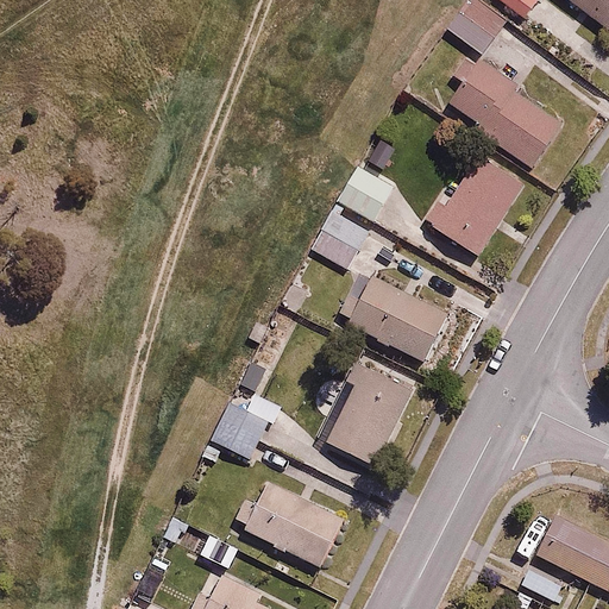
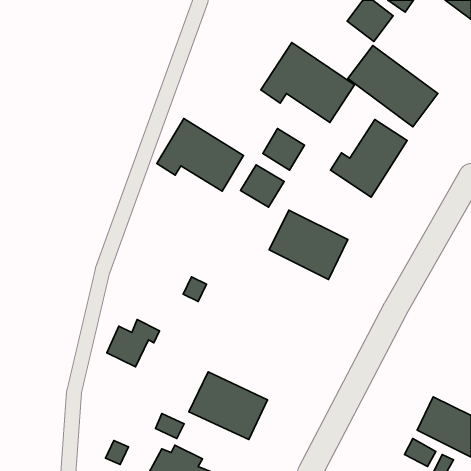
building: none -> [261,43,355,123]
building: none -> [157,118,244,191]
building: [327,363,412,463] -> none
building: [213,396,281,457] -> [107,320,159,367]

